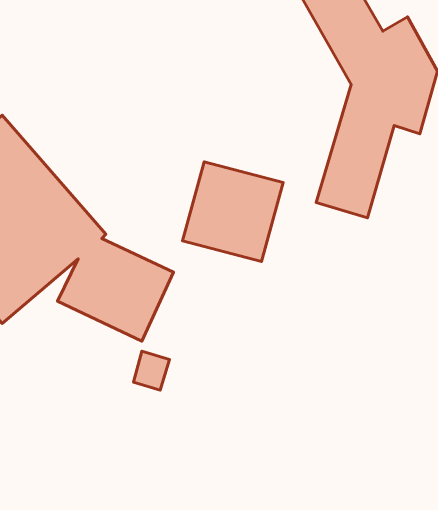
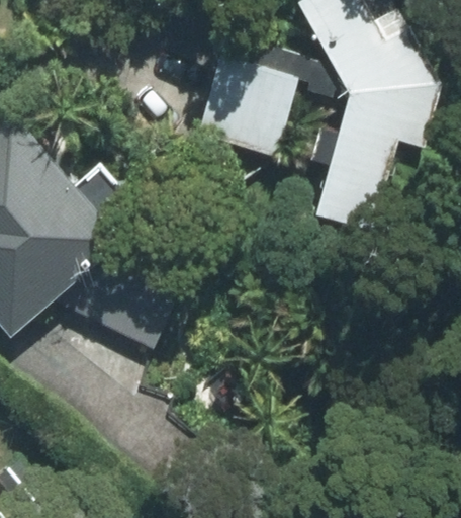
building: [183,162,283,261] -> [195,58,294,156]

